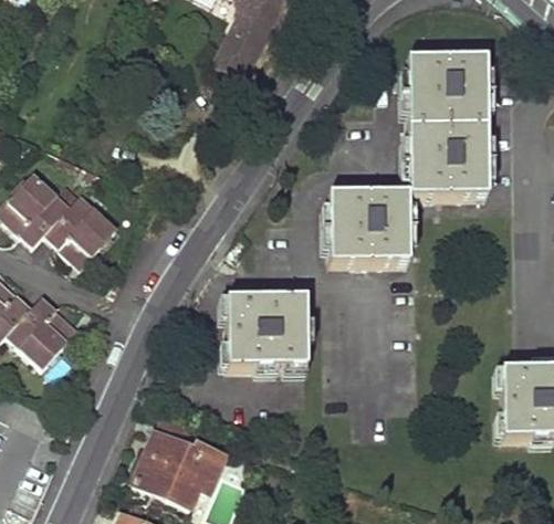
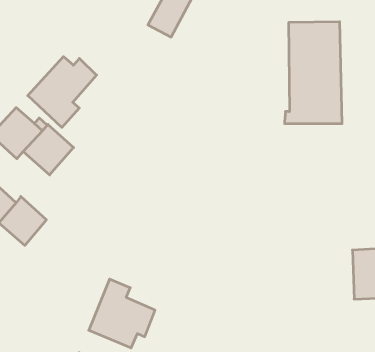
building: none -> [28,57,97,127]
building: [326,193,408,262] -> none
building: [224,295,306,367] -> none

